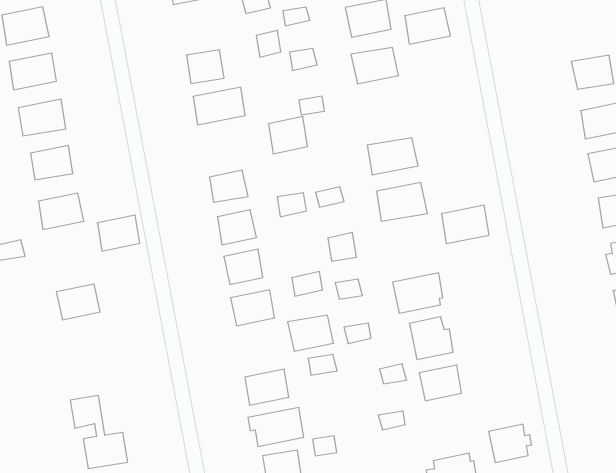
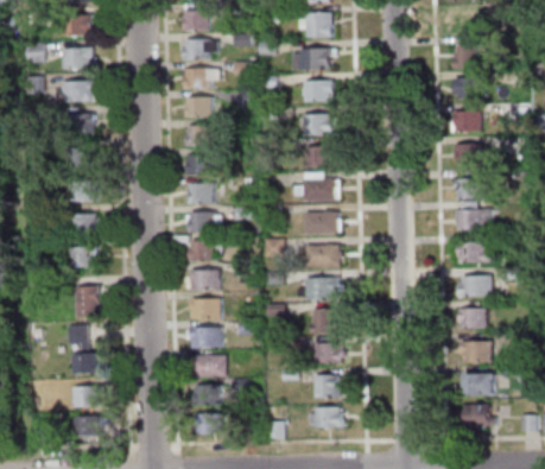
building: [405,8,450,44] -> [305,146,335,167]
building: none -> [455,110,481,132]
building: none -> [184,68,210,88]
building: [268,117,308,154] -> [188,153,213,176]
building: [441,205,489,244] -> [308,245,338,267]
building: [97,215,140,251] -> [68,214,95,235]
building: [288,315,334,351] -> [191,298,221,319]
building: none -> [74,286,99,313]
building: [489,424,532,463] -> [313,374,342,398]

